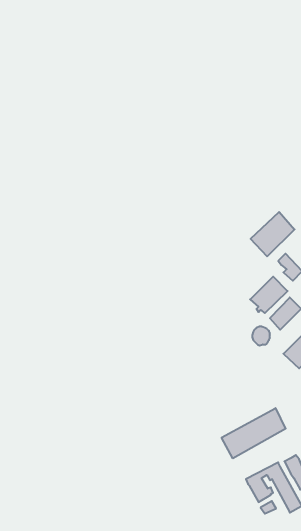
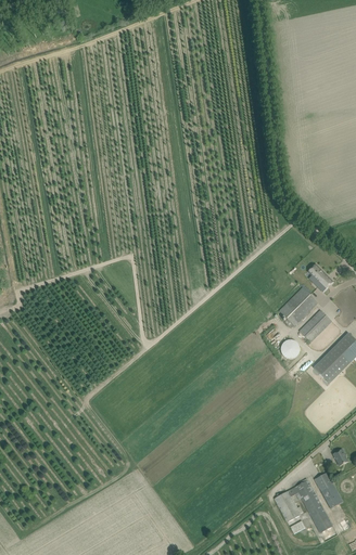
building: [251,212,295,256] -> none
building: [222,408,286,458] -> none

